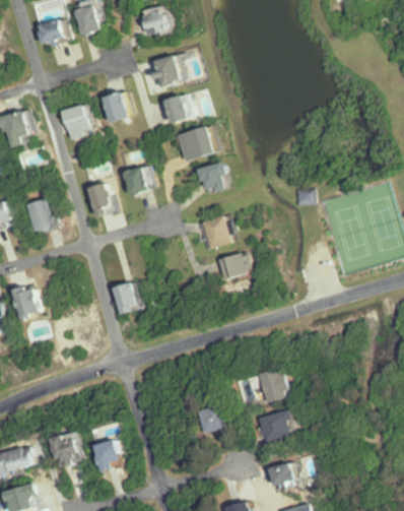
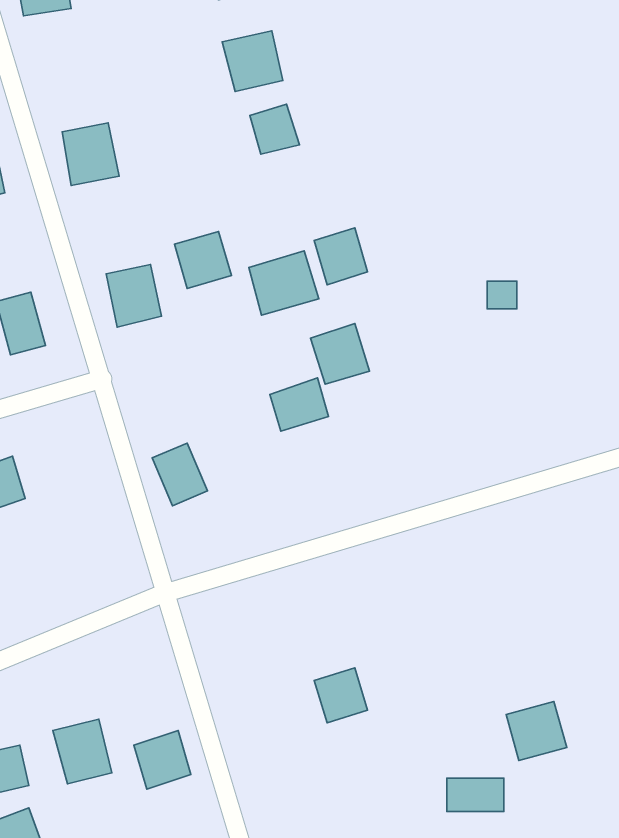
building: [100,90,130,121] -> none
building: [175,125,213,161] -> [249,251,319,315]
building: [214,252,247,281] -> [270,378,329,431]
building: [262,370,292,404] -> none
building: [261,411,294,444] -> [506,702,567,760]

